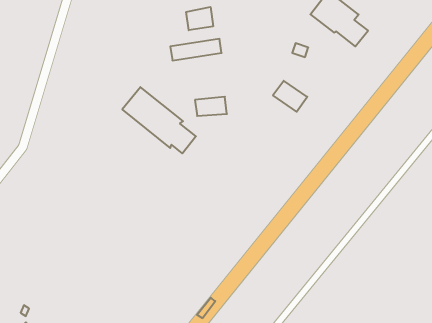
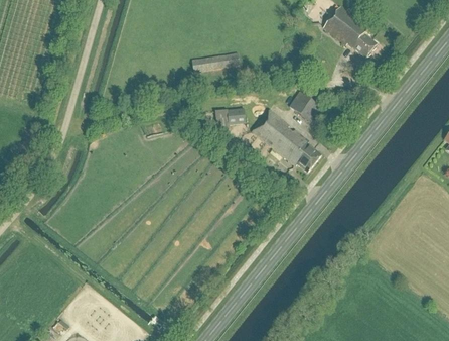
building: [186,7,213,30] -> none
building: [122,87,196,153] -> [251,109,320,172]

